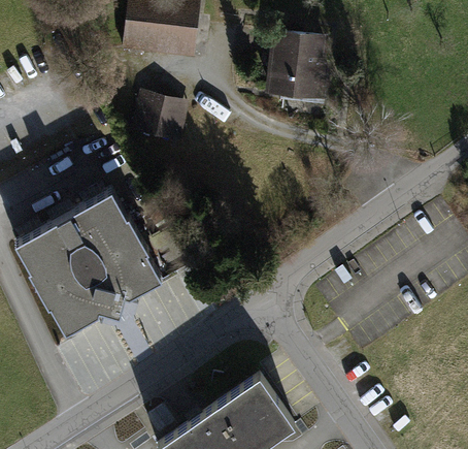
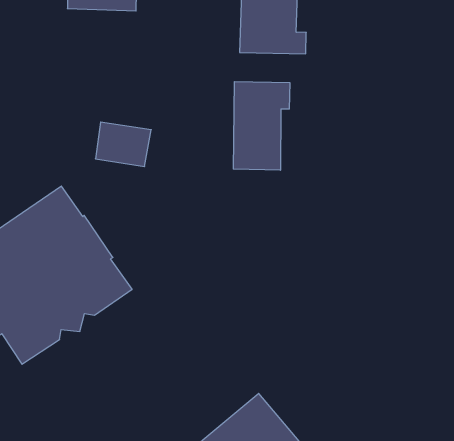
building: [136,100,185,140] -> [95,122,151,167]
building: none -> [233,82,290,170]

